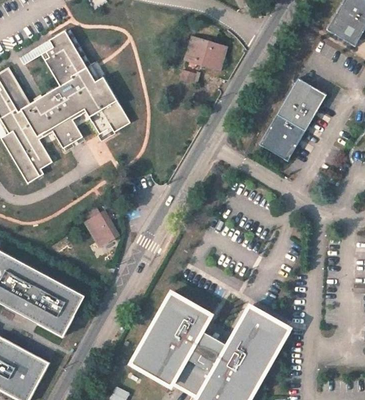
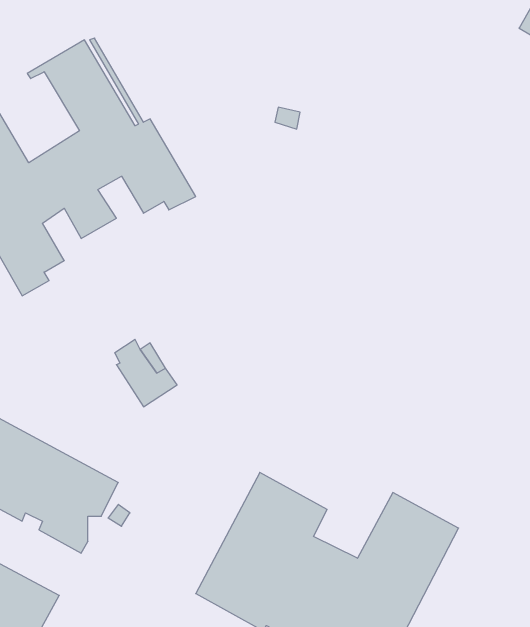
building: [186,39,225,72] -> none
building: [256,76,323,158] -> none

